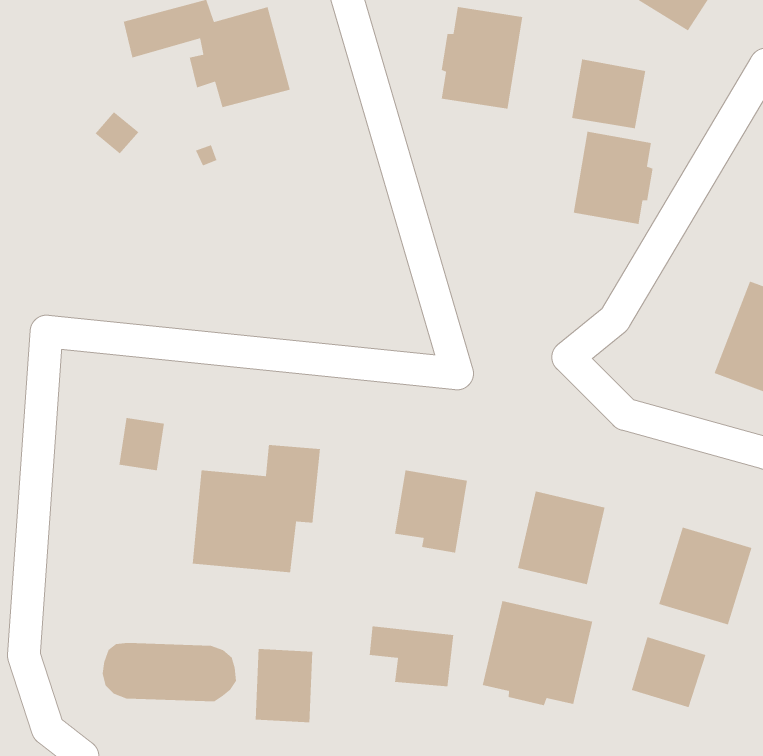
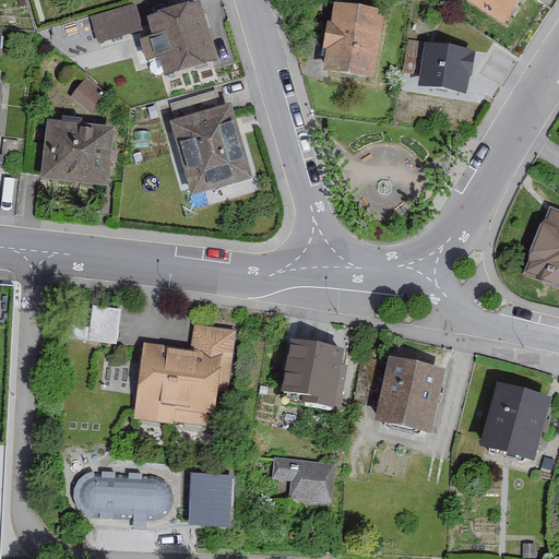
building: none -> [170,88,250,194]
building: [573,131,654,225] -> none
building: none -> [40,121,112,188]
building: [482,600,593,706] -> none
building: [631,636,707,708] -> none

